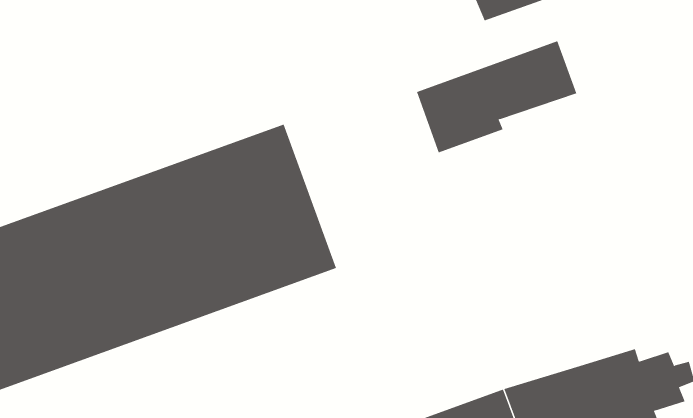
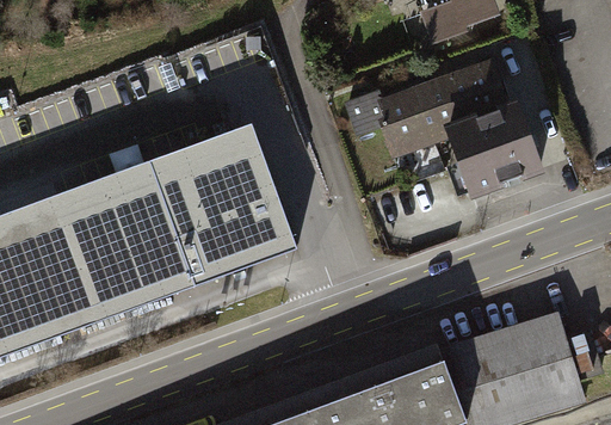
building: none -> [439,100,537,198]

